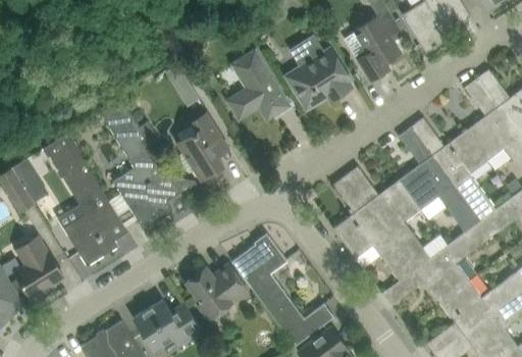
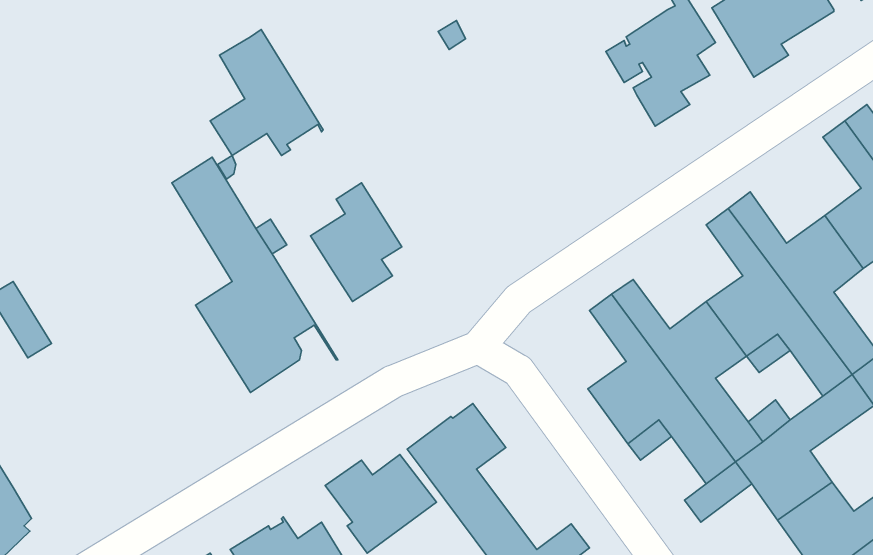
building: [291,40,353,109] -> none
building: [227,50,291,120] -> [210,30,323,155]
building: [45,134,126,266] -> none
building: [12,159,49,203] -> none
building: [16,236,63,297] -> none

